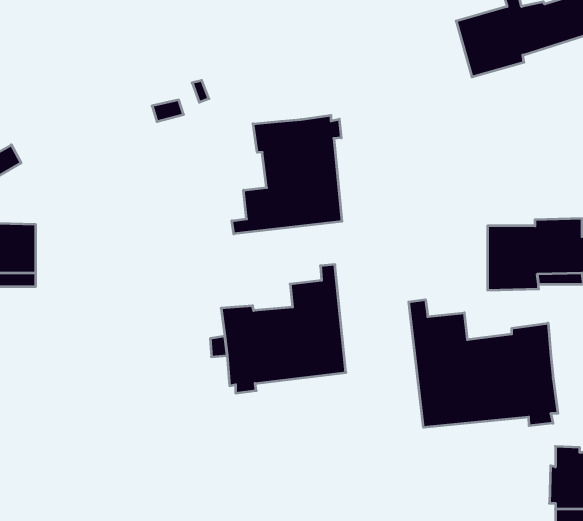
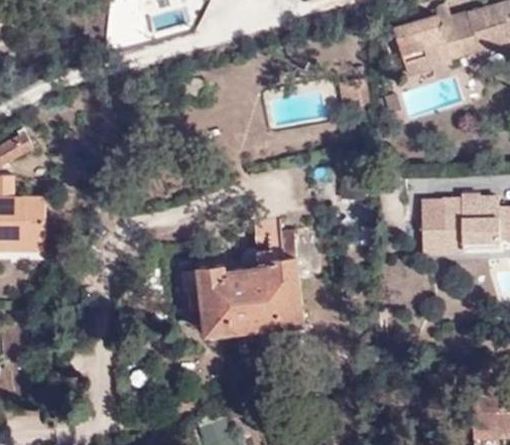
building: [232,115,342,234] -> none
building: [409,300,558,427] -> none

